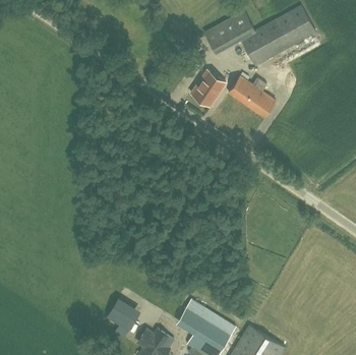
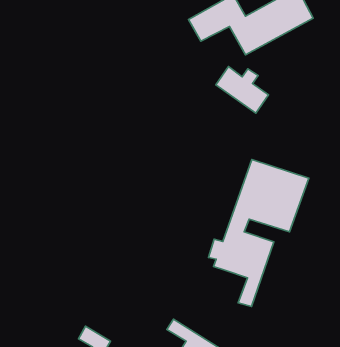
building: [190,70,224,105] -> none
building: none -> [208,159,309,307]

